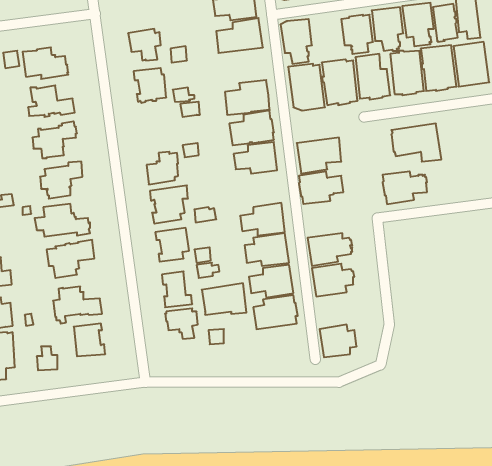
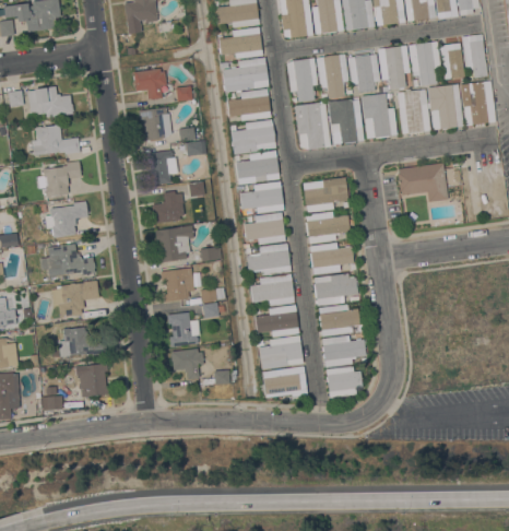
building: none -> [316,55,348,99]
building: none -> [227,88,271,121]
building: none -> [147,150,177,185]
building: [383,171,427,204] -> [309,243,354,275]
building: none -> [244,212,285,245]
building: [202,283,246,315] -> [262,366,307,398]
building: none -> [321,335,366,367]

